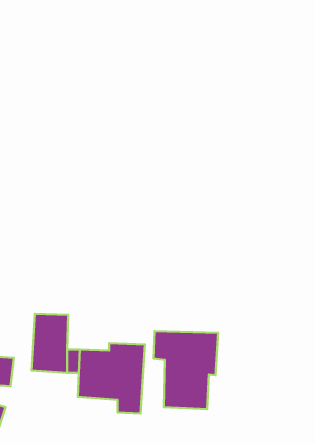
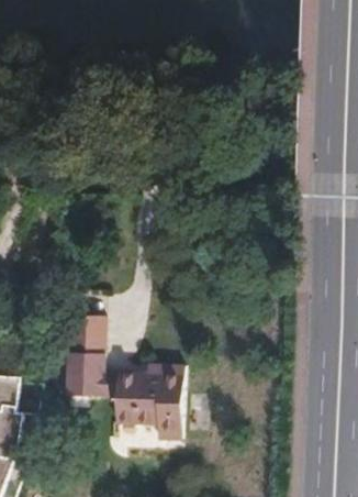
building: [153,331,218,409] -> none

